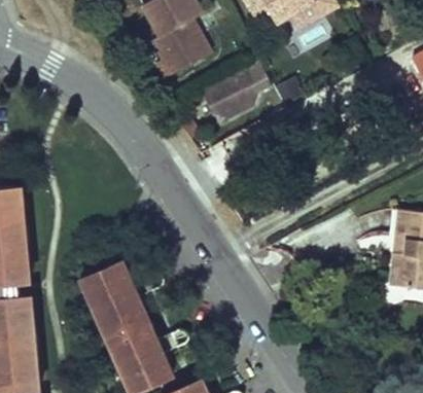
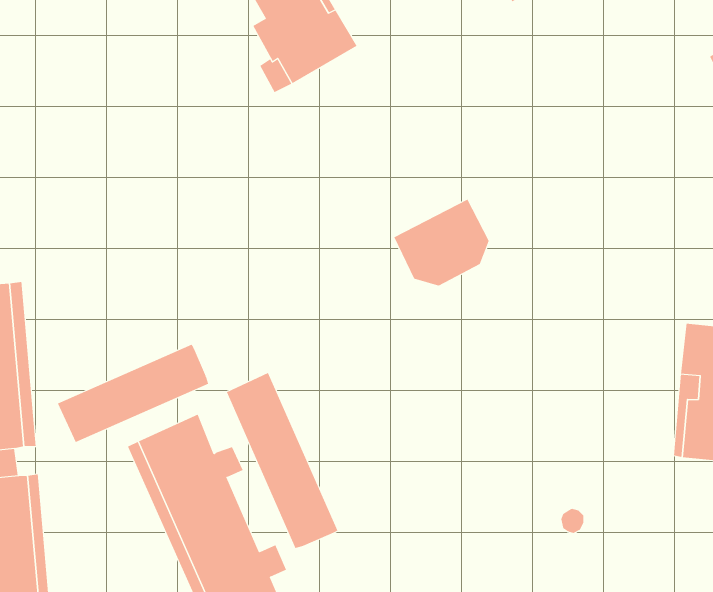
building: [202,70,256,119] -> [394,199,490,286]
building: none -> [57,344,209,443]
building: none -> [226,372,338,549]

